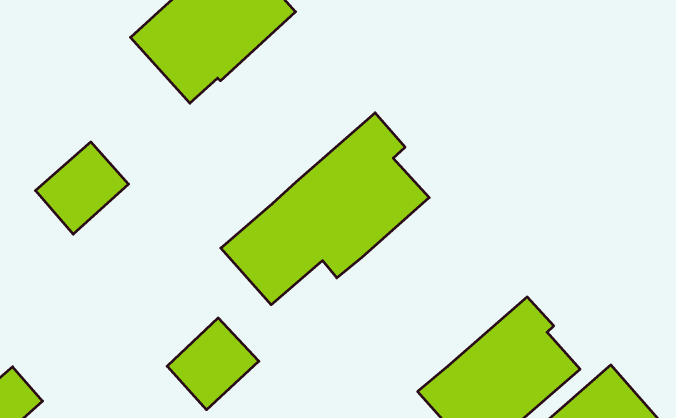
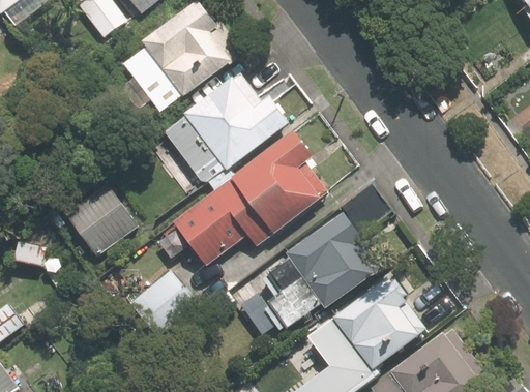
building: none -> [164,78,291,185]
building: [35,142,129,234] -> [65,191,134,258]
building: none -> [259,211,375,330]

